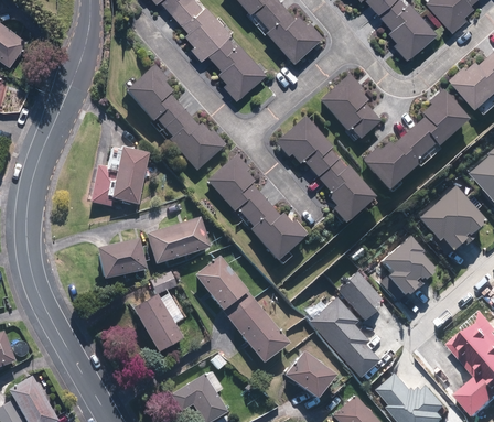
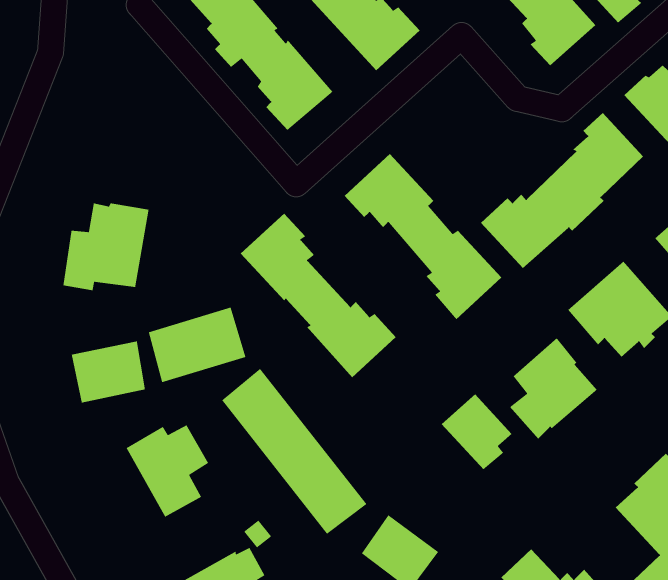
building: [127,65,226,171] -> none
building: [319,73,379,141] -> none
building: [308,296,379,379] -> none

